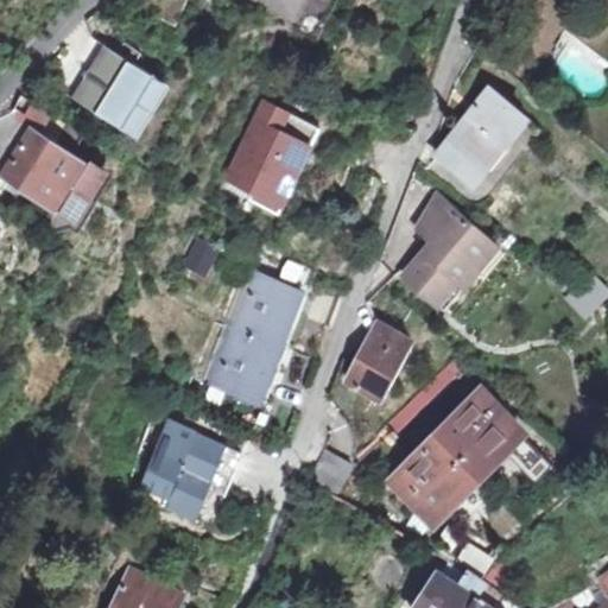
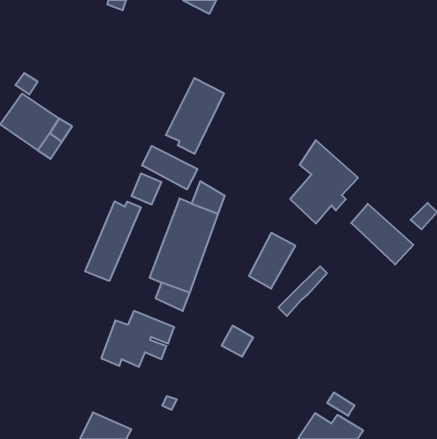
building: [69,48,154,128] -> none
building: [436,88,521,180] -> none
building: none -> [142,146,198,189]
building: none -> [85,201,141,281]
building: none -> [351,204,413,265]
building: [388,392,519,520] -> none

